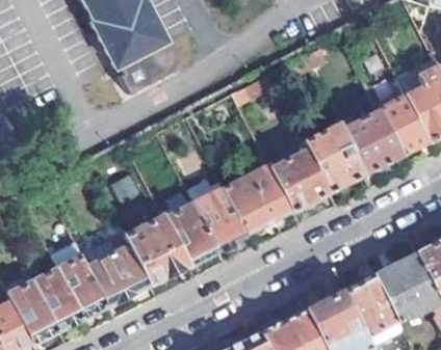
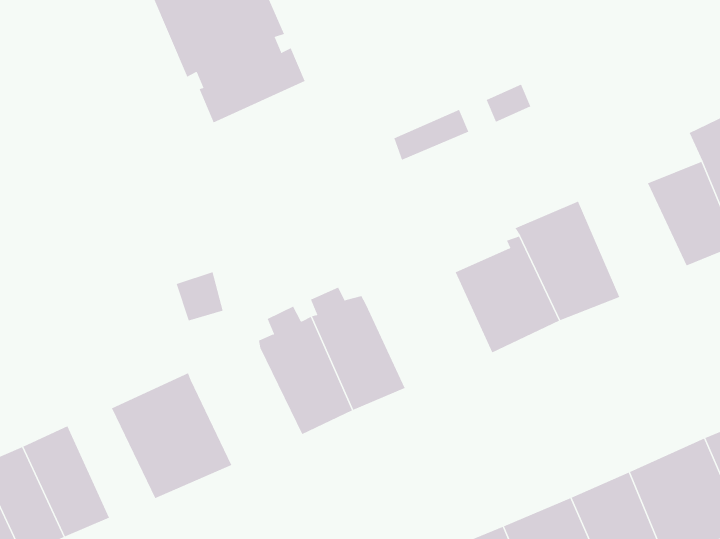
building: [337,103,400,174] -> none
building: [220,163,293,234] -> none
building: [124,216,188,284] -> none
building: [51,246,107,318] -> none

